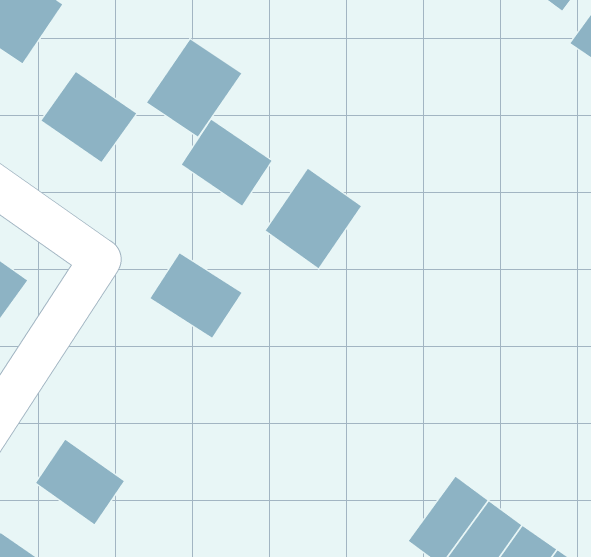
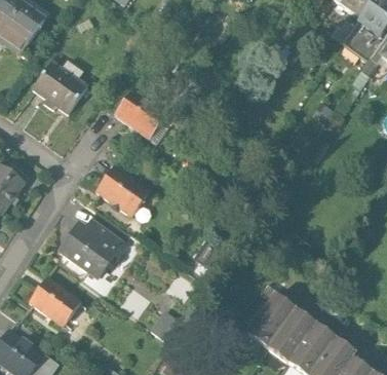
building: [146,38,242,138] -> none
building: [265,168,362,269] -> none
building: none -> [63,221,116,271]

